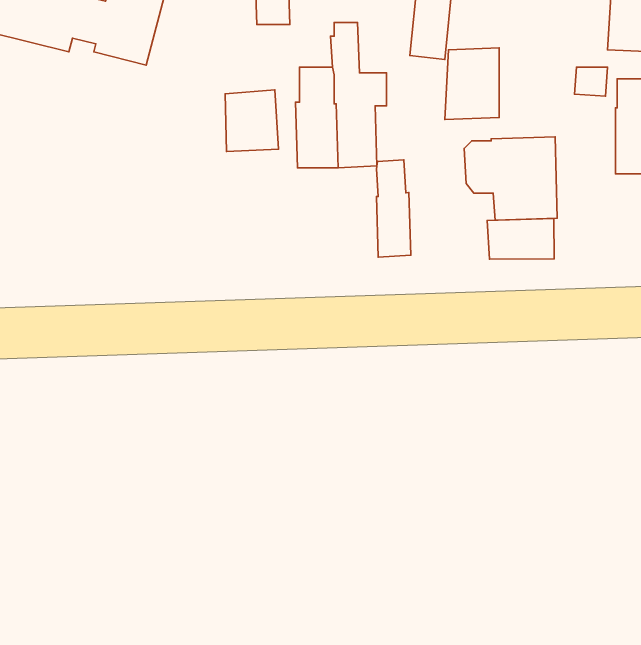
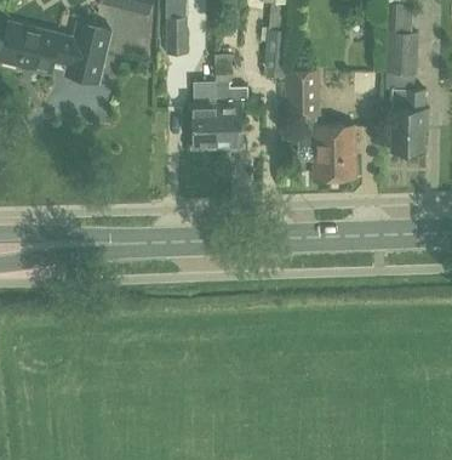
building: [225,90,278,151] -> none
building: [376,160,411,257] -> none
building: [487,218,554,259] -> none

